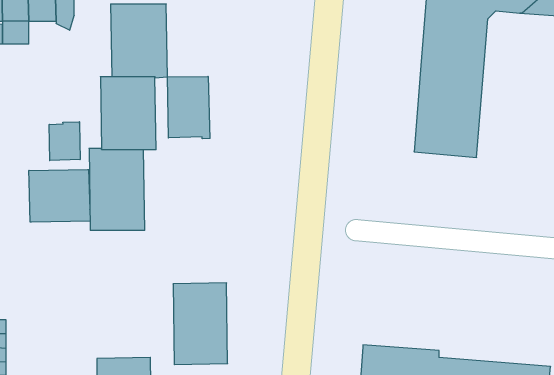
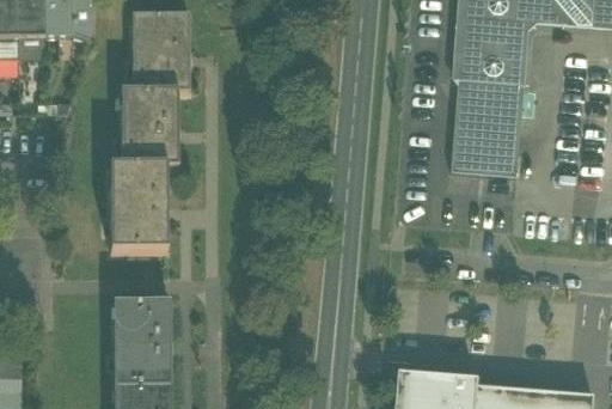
building: [167,76,210,139] -> none
building: [49,122,80,161] -> none
building: [29,170,90,222] -> none
building: [173,283,228,365] -> [115,299,172,385]

